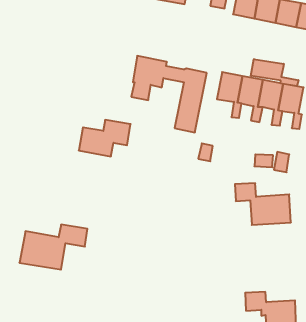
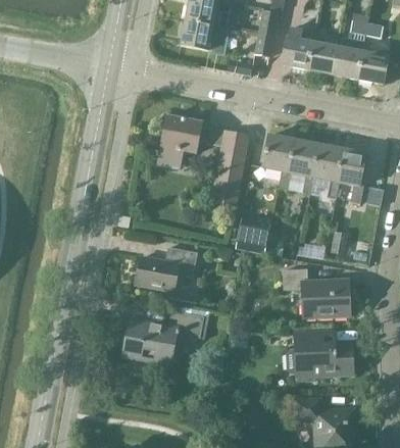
building: [251,59,298,86] -> none
building: [79,120,131,156] -> [135,247,197,291]
building: [19,225,87,270] -> [121,310,203,364]
building: none -> [295,331,353,377]

